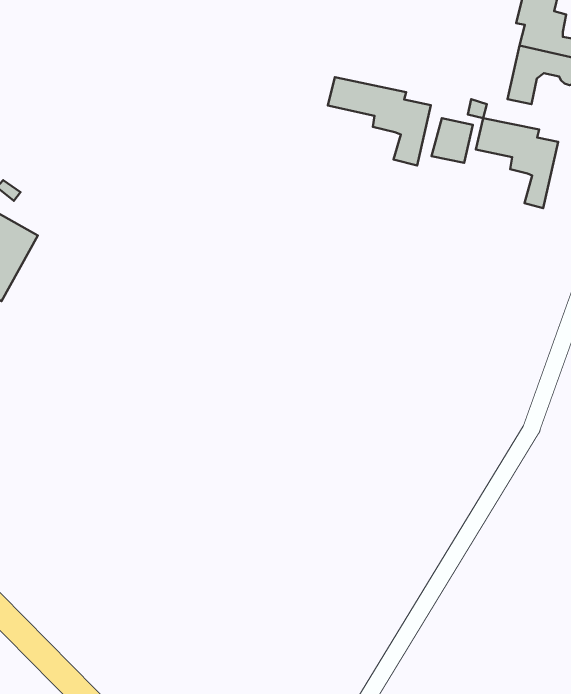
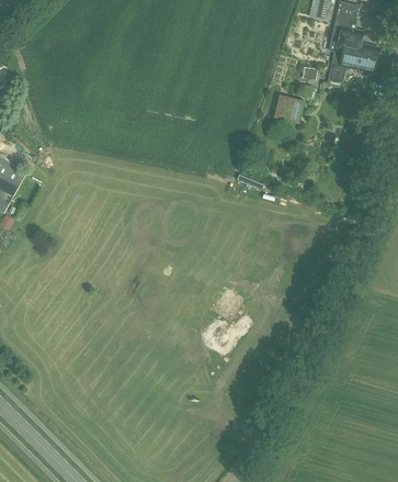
building: [328,77,431,166] -> none
building: [476,118,558,208] -> none

